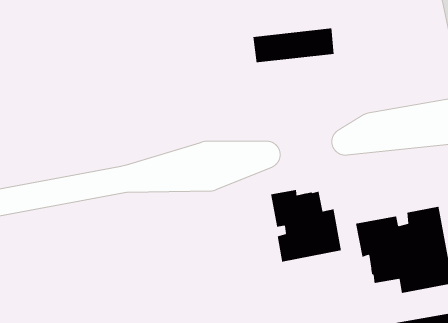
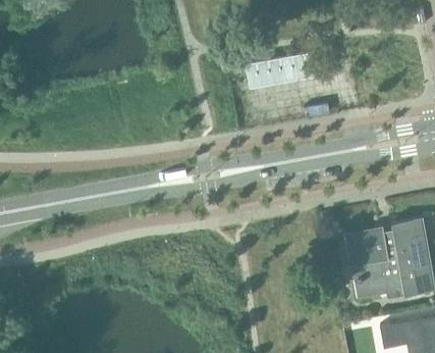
building: [270,189,342,262] -> none

